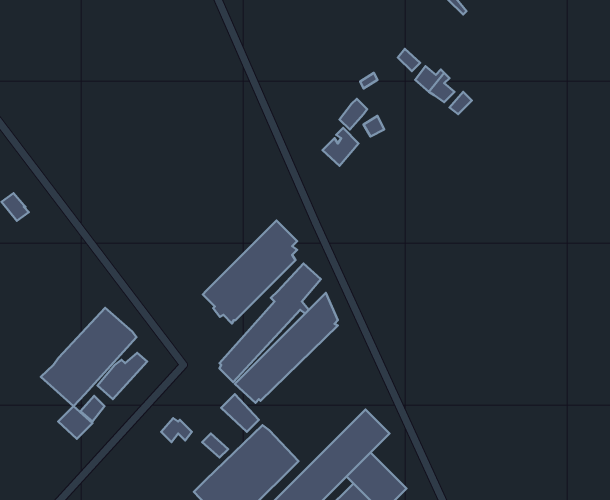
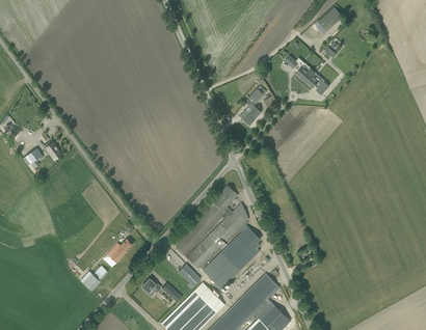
building: [203,221,297,324] -> [203,226,260,288]
building: [41,308,136,406] -> none

